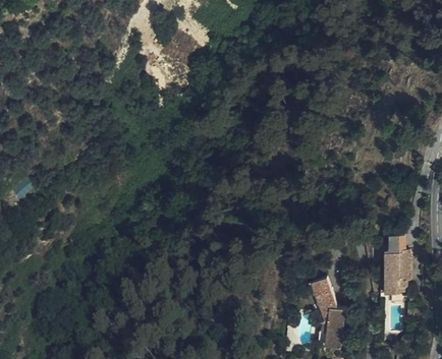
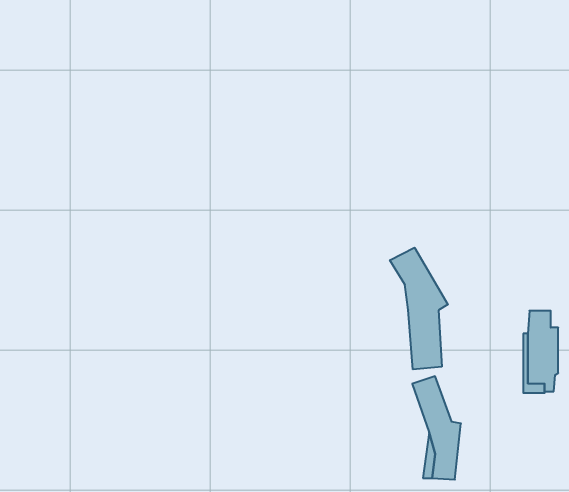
building: none -> [390,248,448,369]

